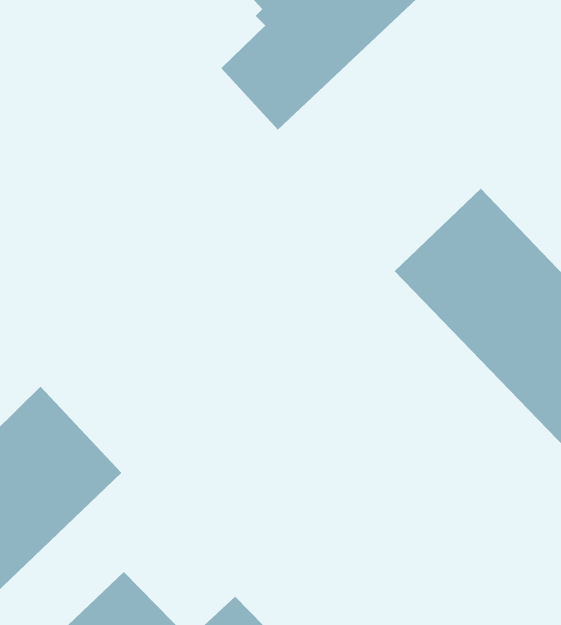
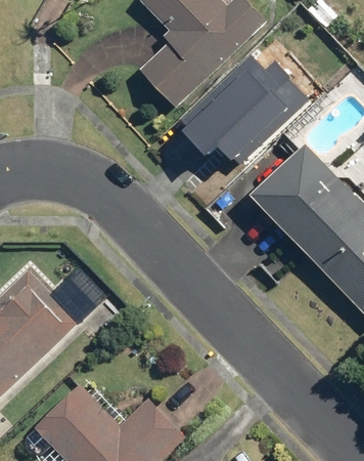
building: none -> [177,52,310,164]

